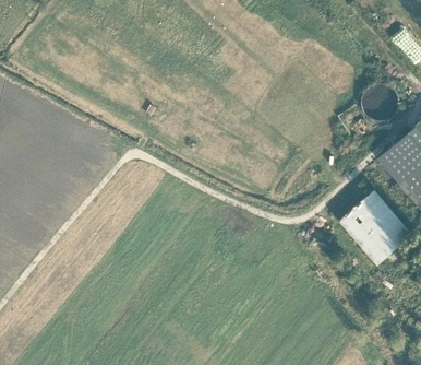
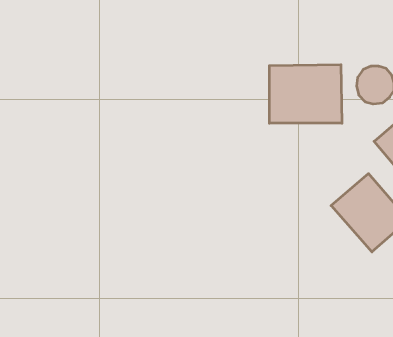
building: none -> [269,65,342,123]

